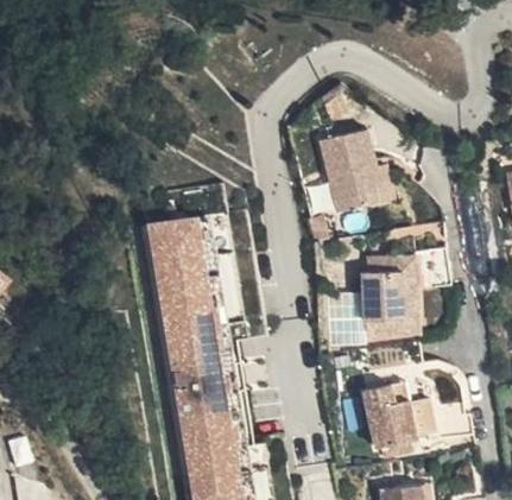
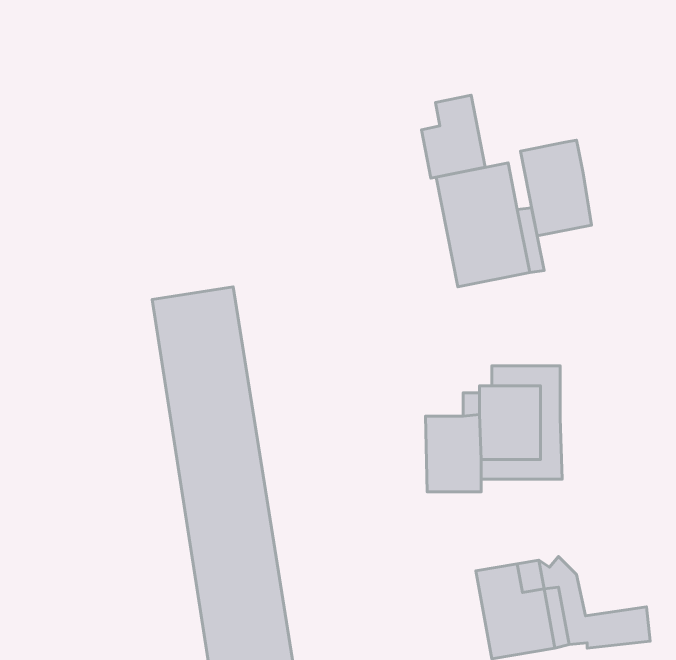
building: none -> [421,95,485,178]
building: none -> [520,140,592,236]
building: [415,251,456,295] -> none

